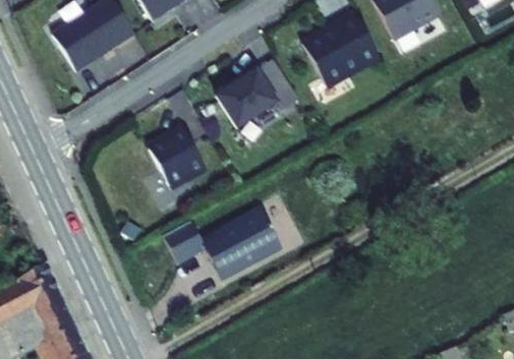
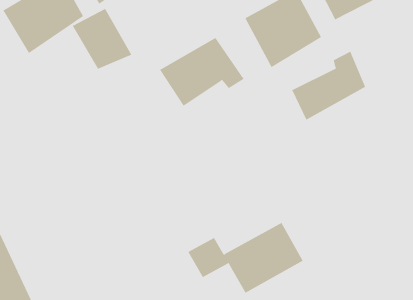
building: none -> [292,51,366,121]
building: [144,127,206,190] -> [72,8,132,70]
building: [164,204,283,278] -> [188,222,304,294]

